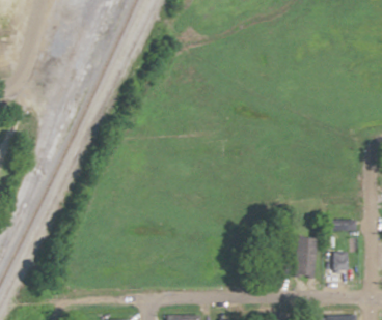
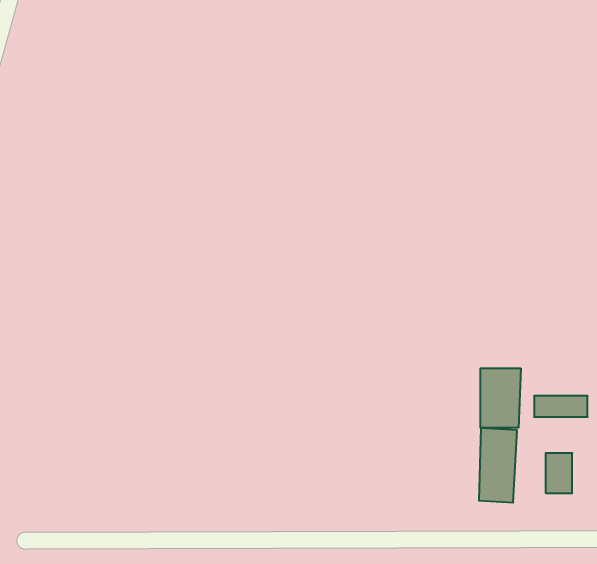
building: none -> [480,368,521,428]

